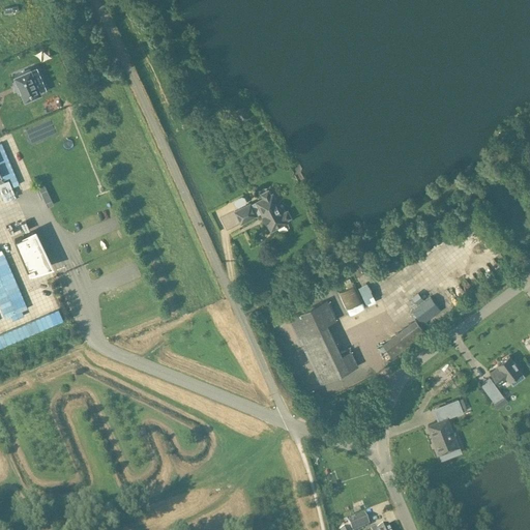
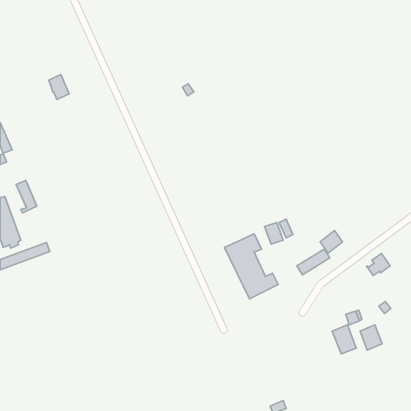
building: [14,69,40,101] -> [49,74,69,99]
building: [233,190,292,231] -> none
building: [491,357,521,385] -> [367,254,390,275]
building: none -> [360,325,382,350]

